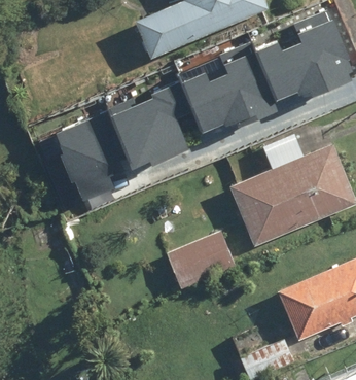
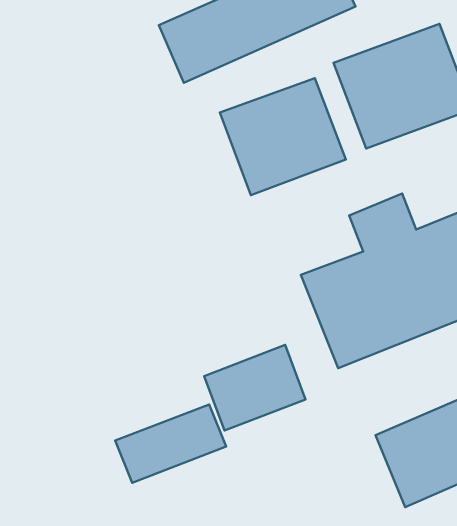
building: [102,87,189,171] -> none
building: [46,122,115,198] -> none
building: none -> [115,404,226,483]

